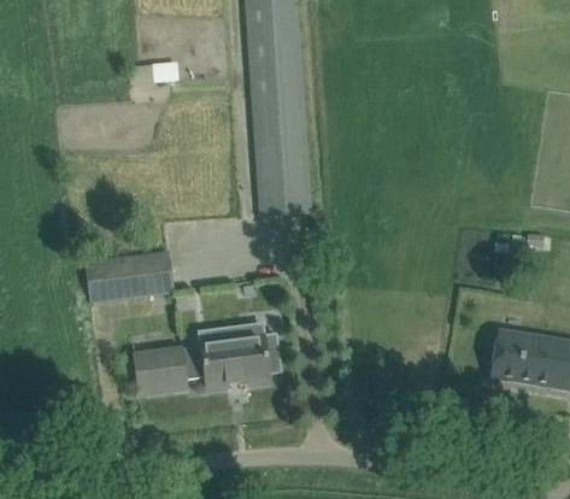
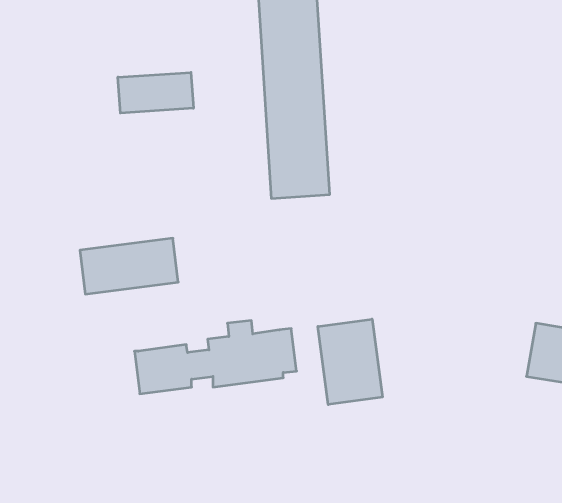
building: none -> [118,72,193,113]
building: none -> [318,319,382,405]

